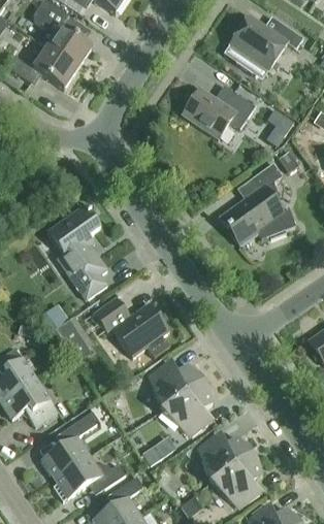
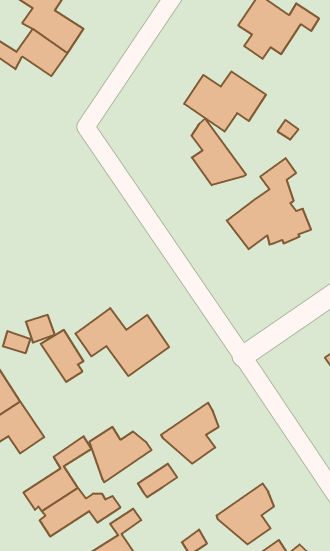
building: none -> [192,118,246,185]
building: [47,204,107,299] -> none
building: [149,360,204,410] -> [89,427,152,482]
building: [197,432,253,482] -> none

